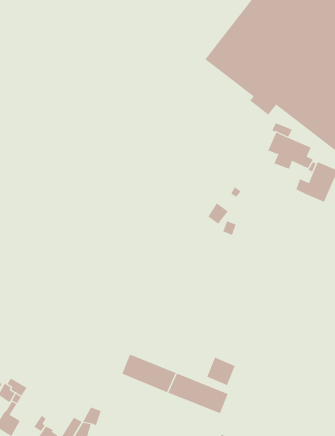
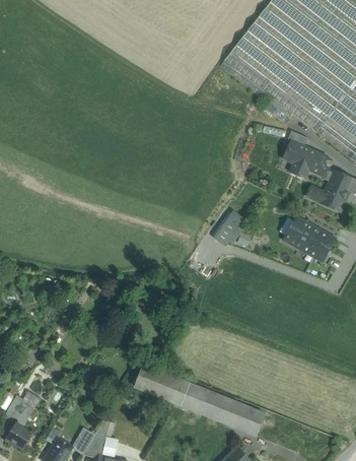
building: none -> [284,216,335,260]
building: [207,357,236,386] -> [235,405,265,435]

